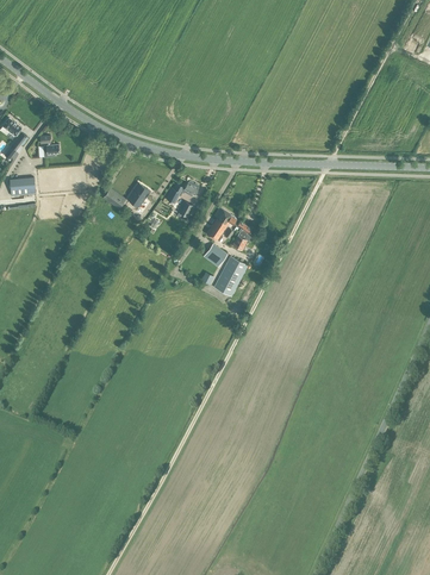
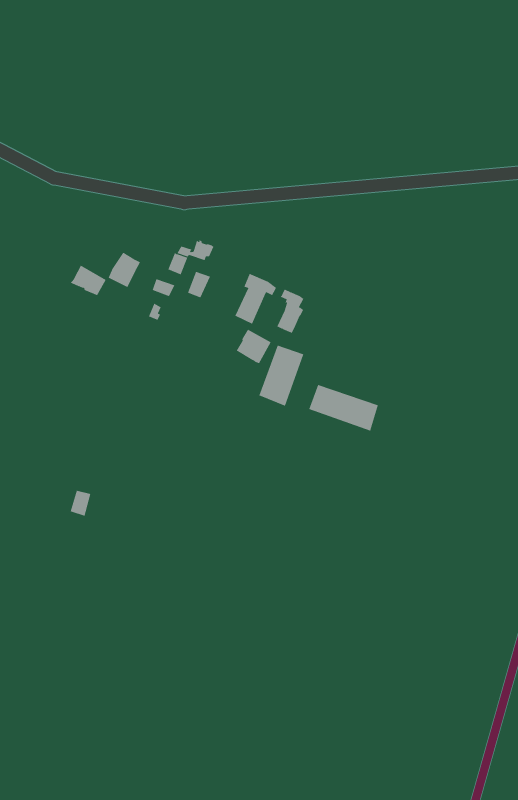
building: none -> [308,384,379,432]

